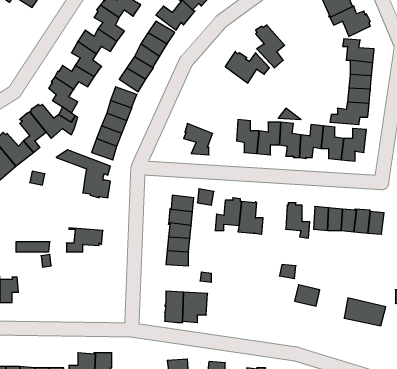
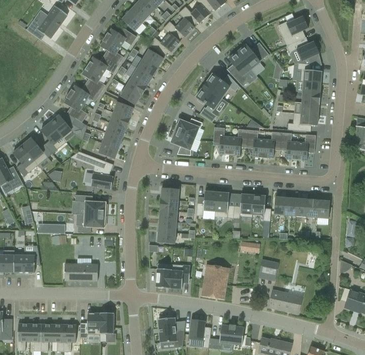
building: none -> [237,42,269,68]
building: none -> [196,85,222,122]
building: none -> [174,118,204,140]
building: none -> [233,193,253,218]
building: none -> [75,194,107,215]
building: none -> [64,263,98,280]
building: none -> [201,264,229,299]
building: [344,298,386,326] -> [269,290,302,312]

